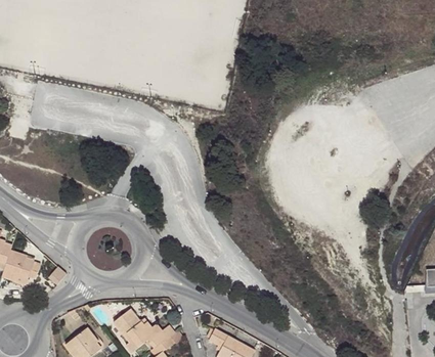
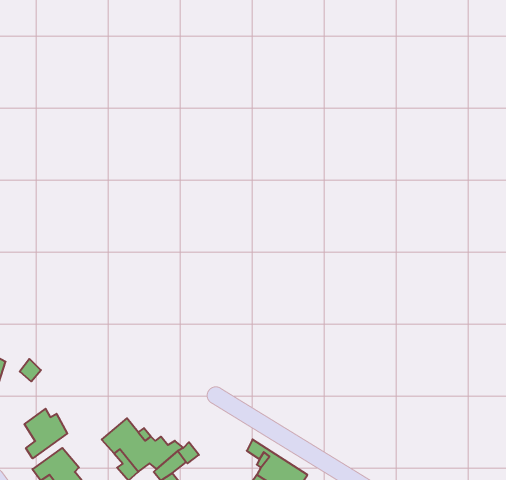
building: none -> [24,409,67,458]

